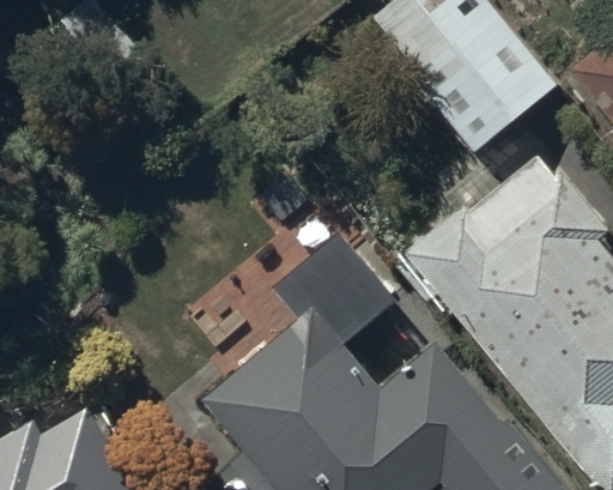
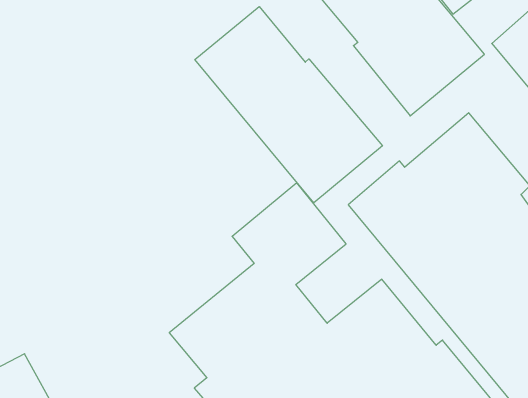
building: none -> [195,7,382,203]

